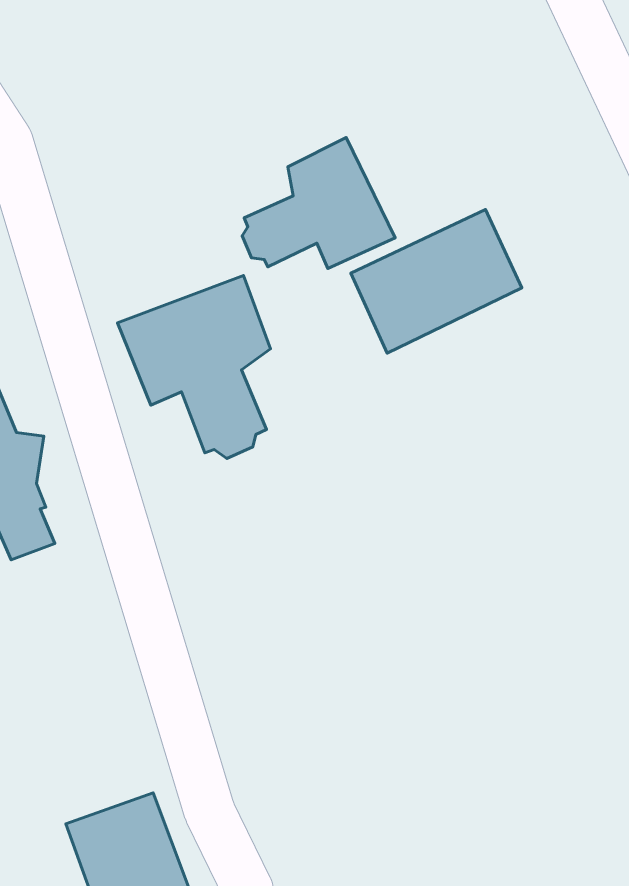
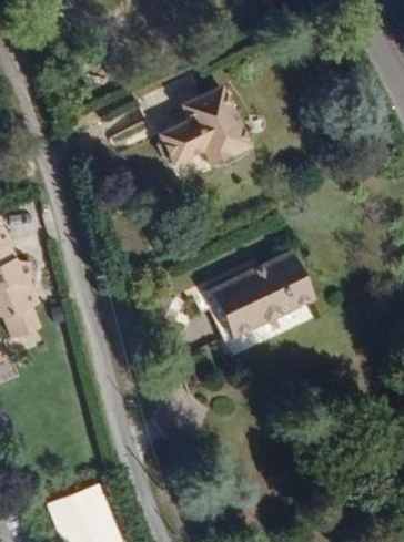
building: [351,209,522,353] -> [209,252,313,339]
building: [117,276,270,458] -> none

